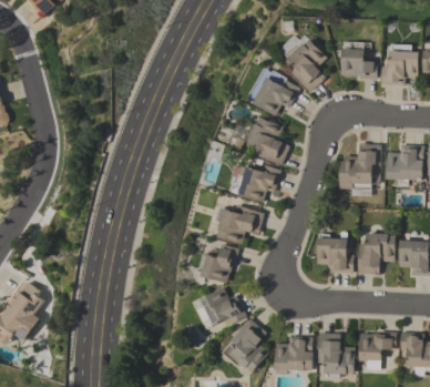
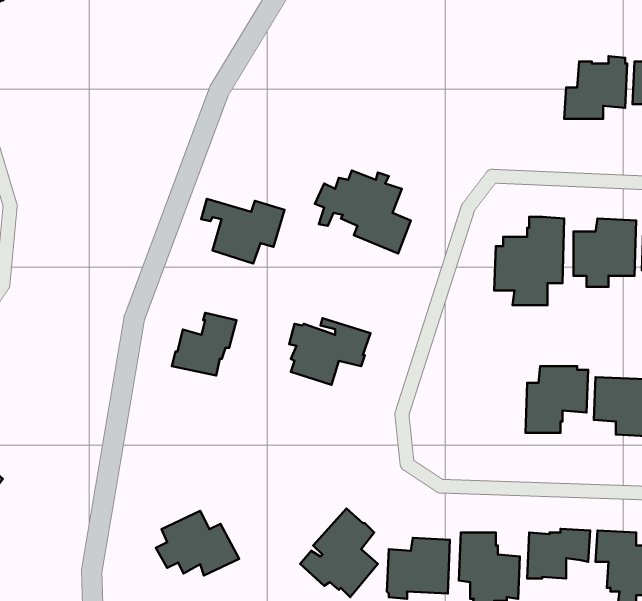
building: [285,39,326,92] -> none
building: [340,41,377,79] -> none
building: [246,65,299,115] -> none
building: [231,163,280,202] -> [201,199,284,263]
building: [316,232,352,273] -> none
building: [199,244,238,282] -> [172,313,236,376]
building: [196,287,246,326] -> [156,511,239,575]

